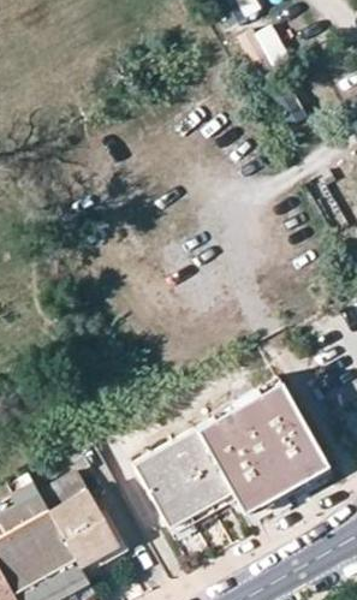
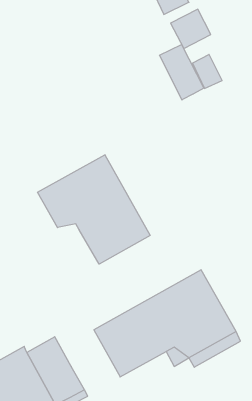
building: none -> [160,44,204,100]
building: none -> [38,155,150,264]

